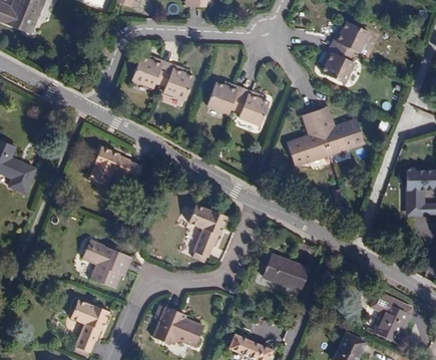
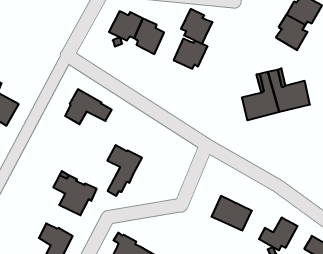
building: [235,88,270,126] -> [181,9,213,44]
building: [187,206,227,263] -> [107,145,142,196]
building: none -> [259,217,298,250]

